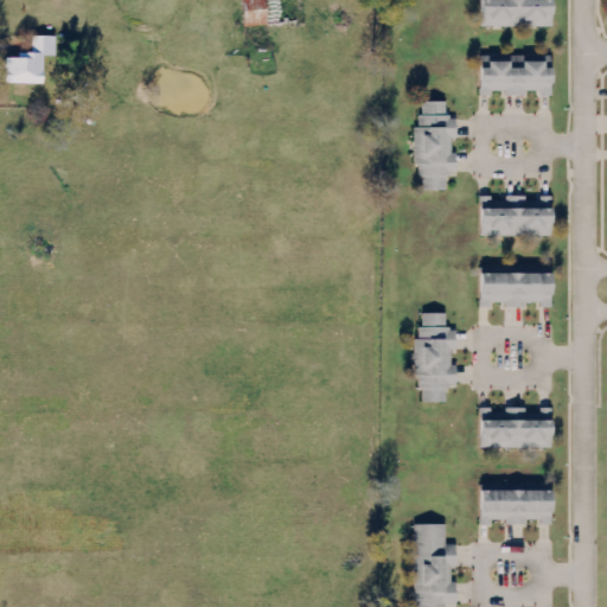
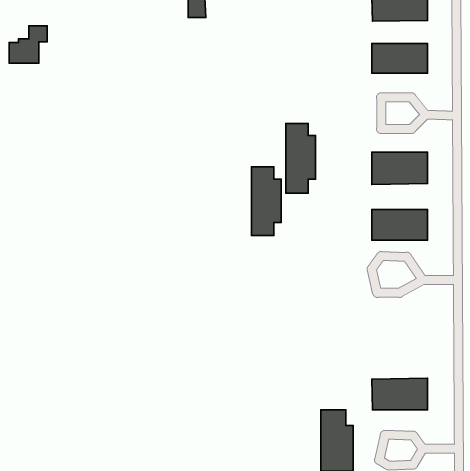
building: [418,101,456,190] -> [286,123,315,193]
building: [418,313,456,401] -> [252,167,281,236]
building: [480,407,551,447] -> none

